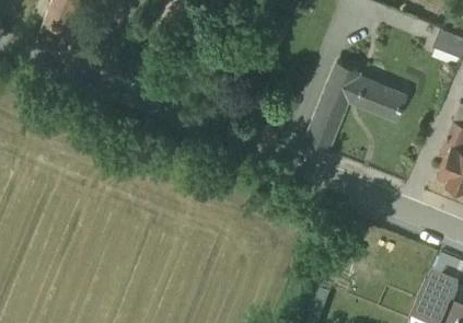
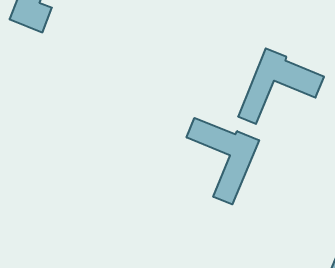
building: none -> [187,118,259,204]

